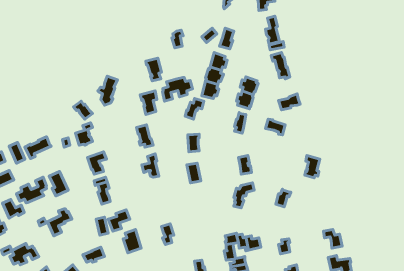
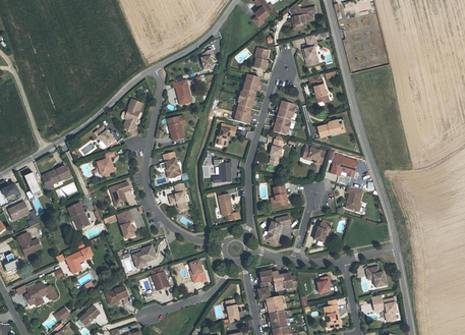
building: [162,77,192,101] -> none
building: none -> [331,155,358,176]
building: [16,177,47,203] -> none

